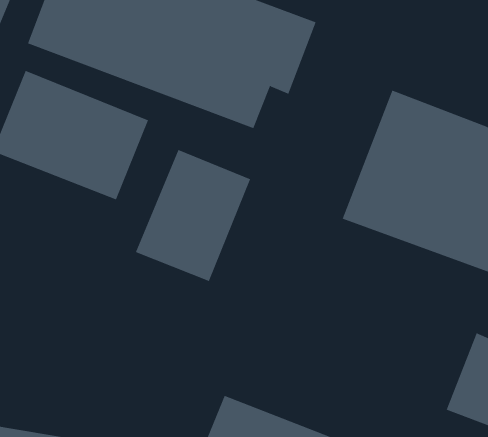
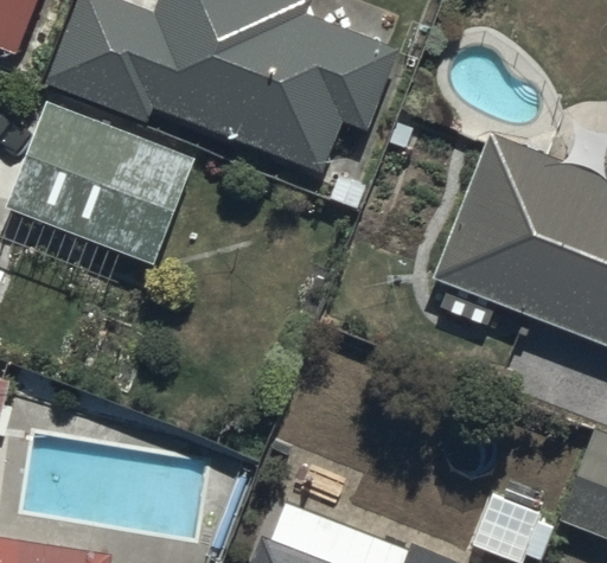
building: [135,149,251,282] -> none

